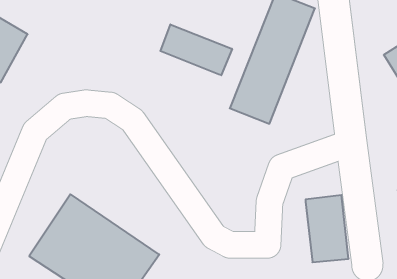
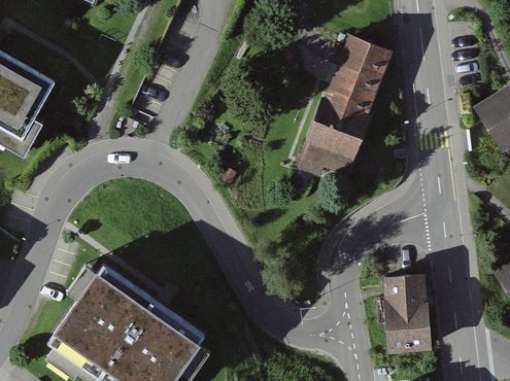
building: [160,24,232,75] -> none

